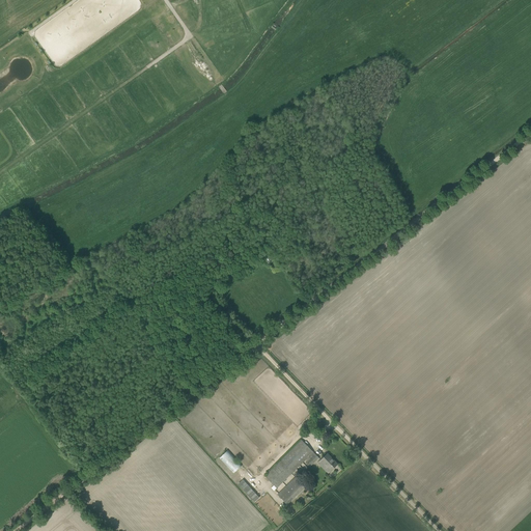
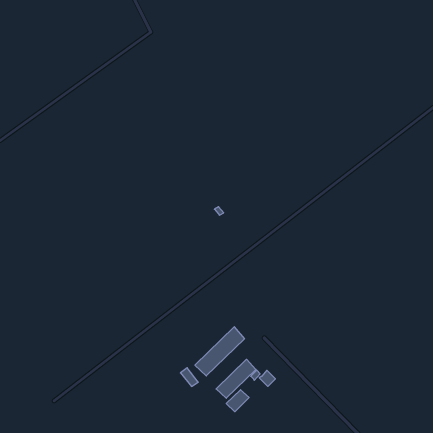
building: none -> [195,327,244,376]

